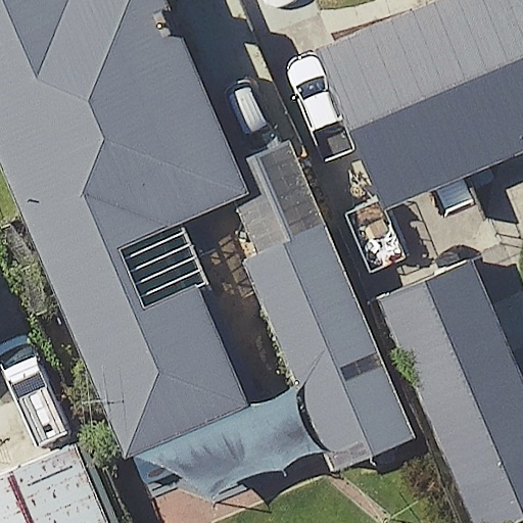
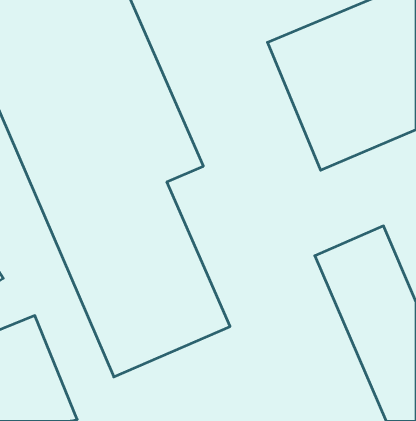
building: [251,229,416,469] -> none

